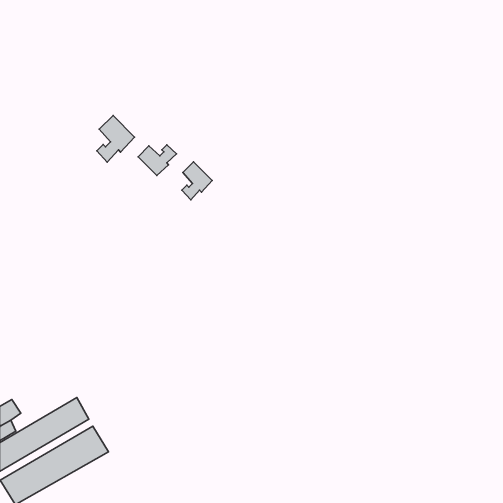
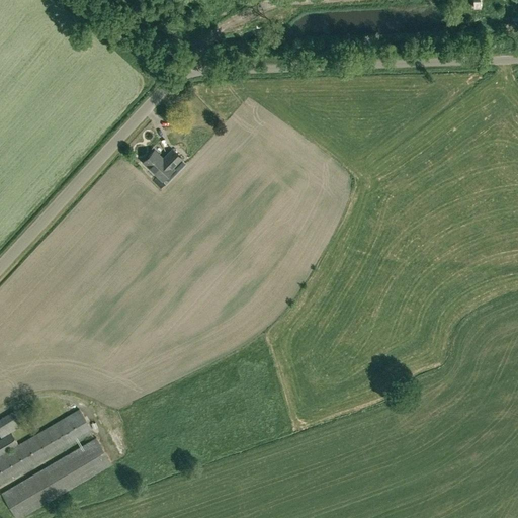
building: [97,115,135,162] -> none
building: [182,162,212,200] -> none

